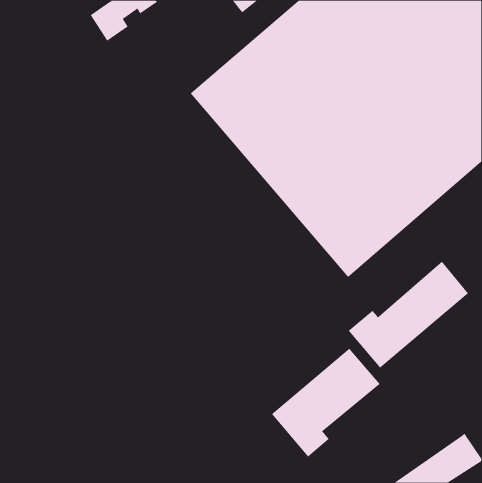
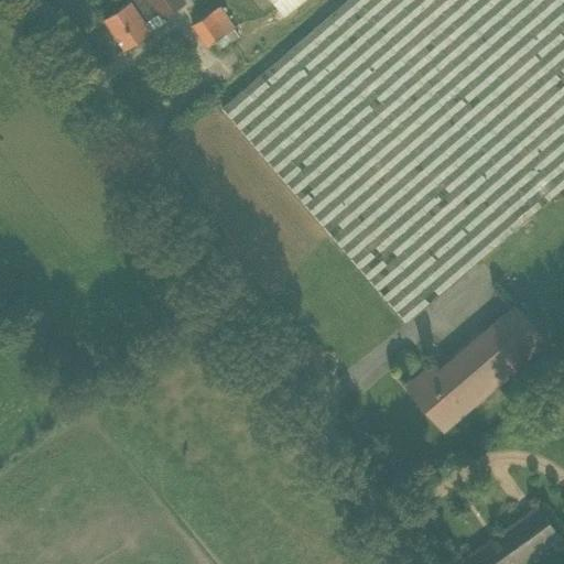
building: none -> [192,6,239,51]
building: [271,348,380,457] -> none

